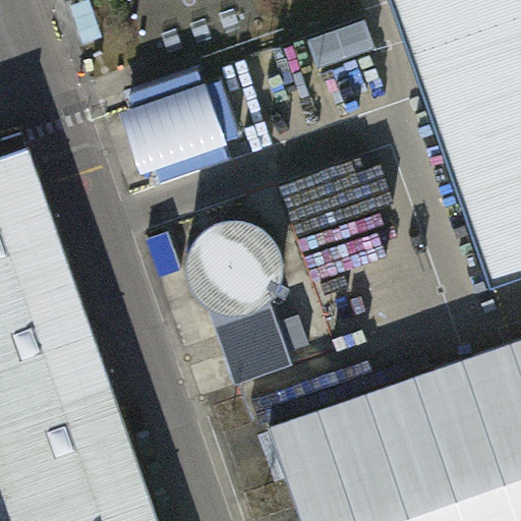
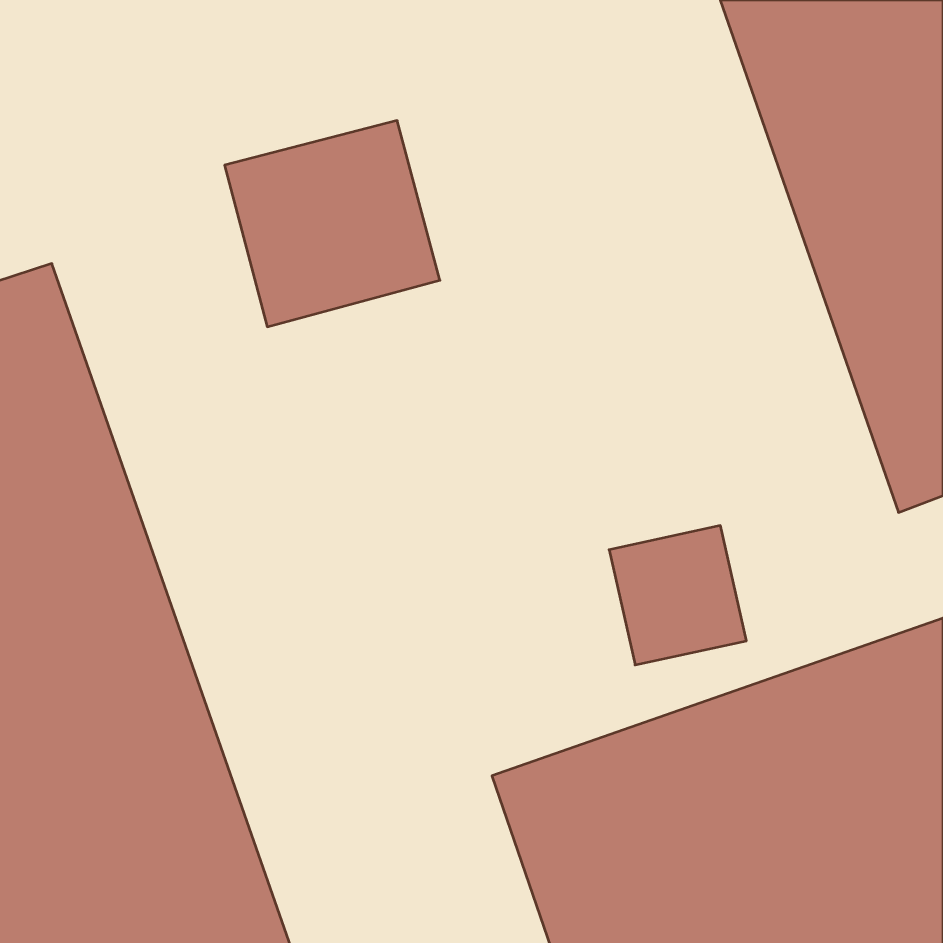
building: [193,211,284,298] -> none
building: [220,303,295,380] -> [609,526,746,665]

